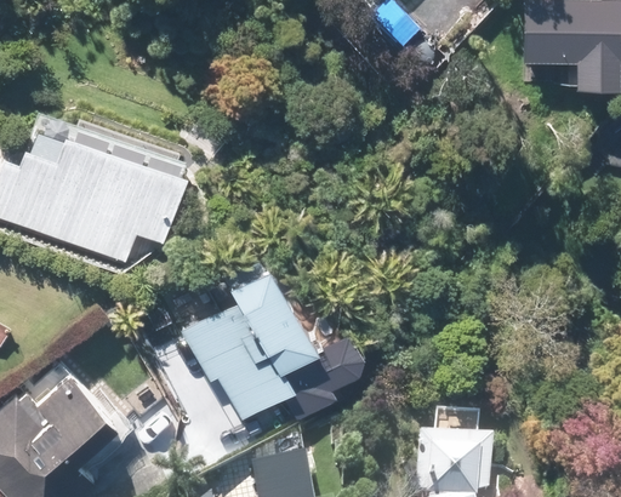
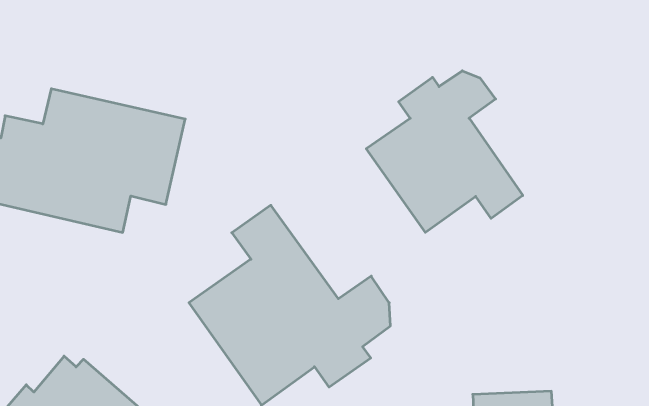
building: none -> [366,71,523,232]

